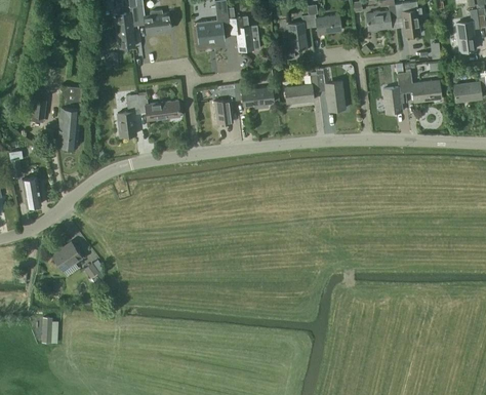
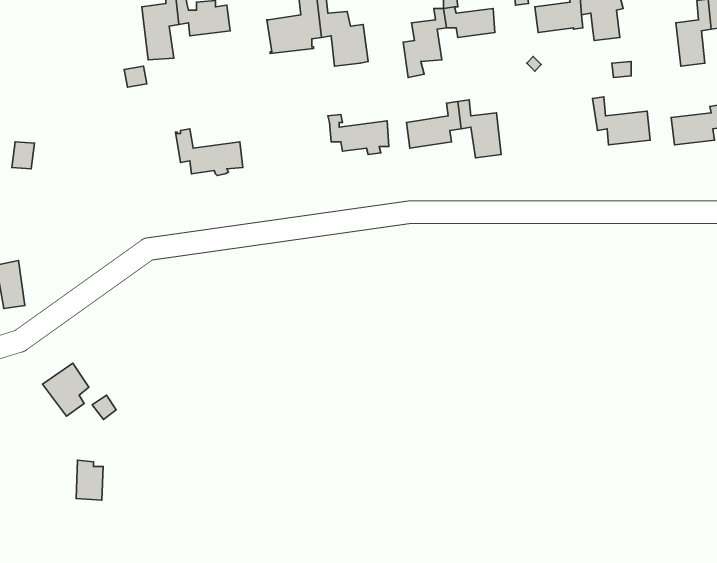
building: [382,72,406,113] -> none
building: [56,85,82,146] -> none
building: [213,87,236,123] -> none
building: [117,93,139,135] -> none
building: [41,316,58,342] -> [76,460,103,500]

